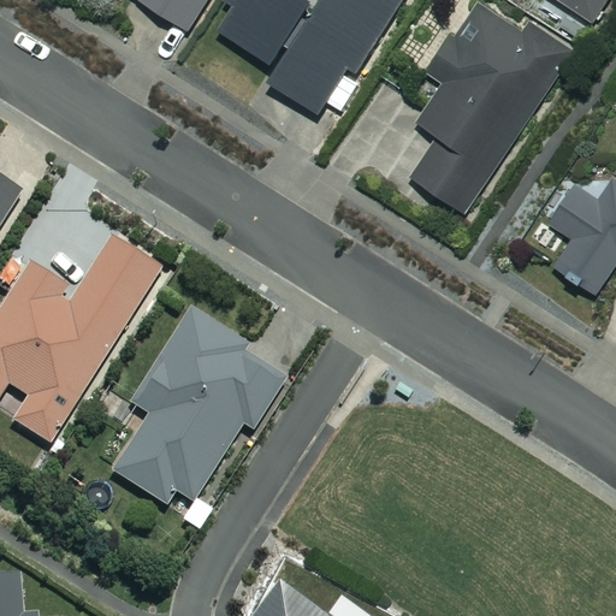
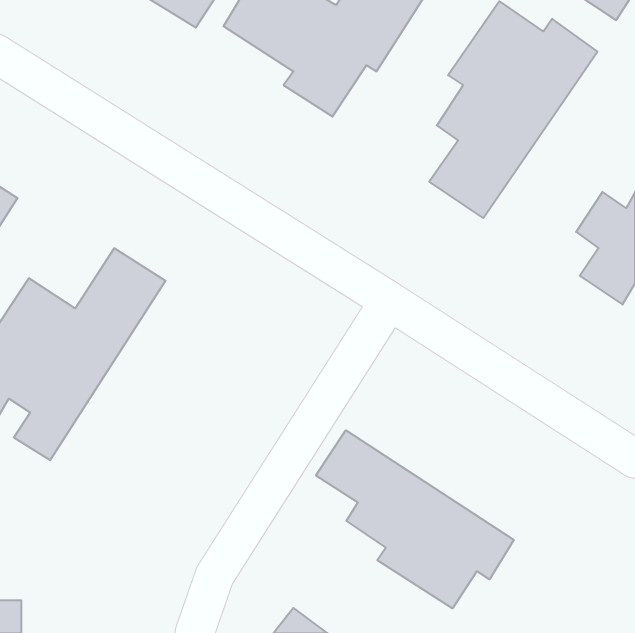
building: [112,309,285,505] -> none
building: none -> [316,430,514,608]

